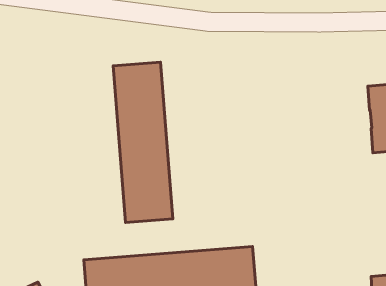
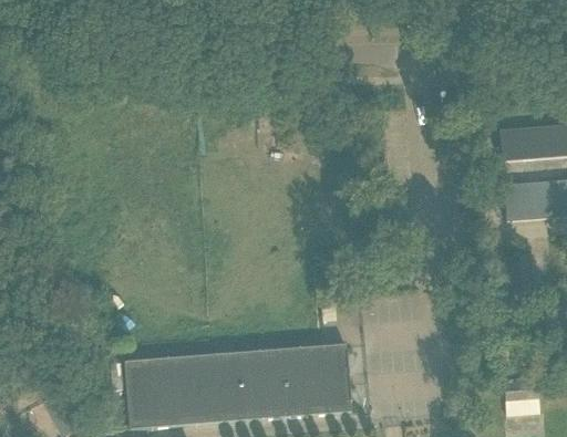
building: [113,62,173,222] -> none

